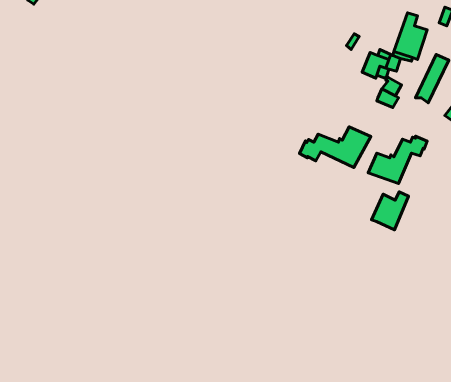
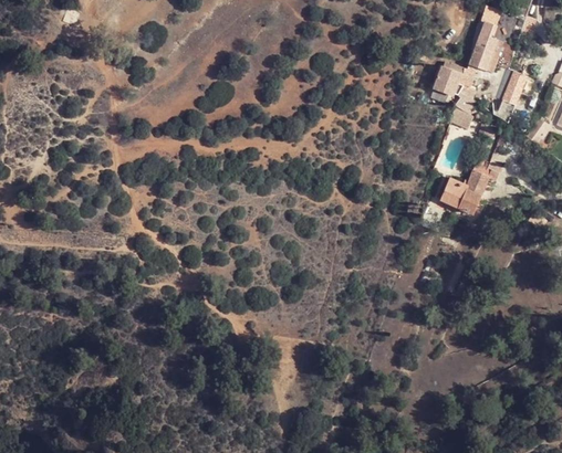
building: [299,127,371,168] -> none
building: [372,192,409,230] -> none

